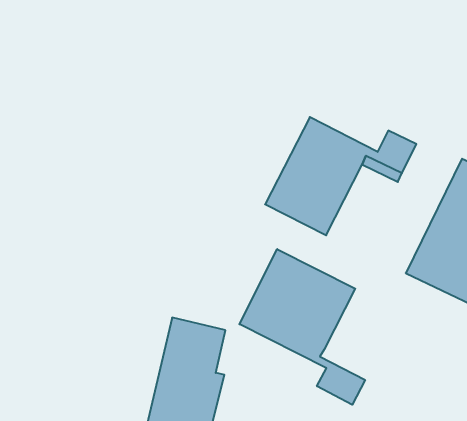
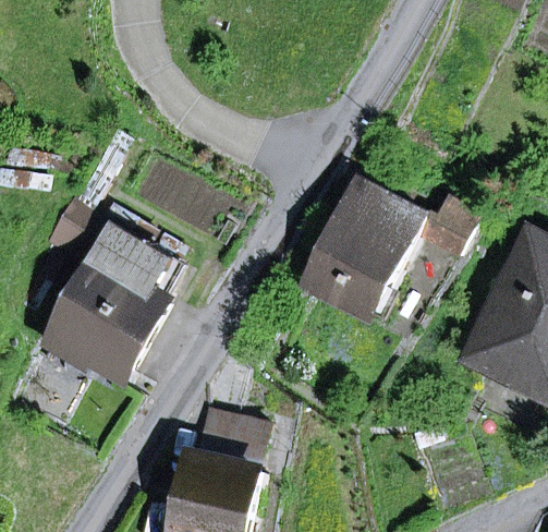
building: none -> [48,201,175,372]
building: [239,249,365,405] -> none

